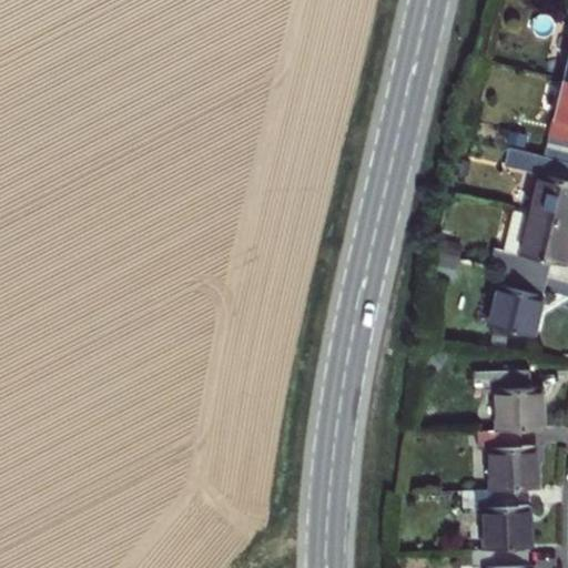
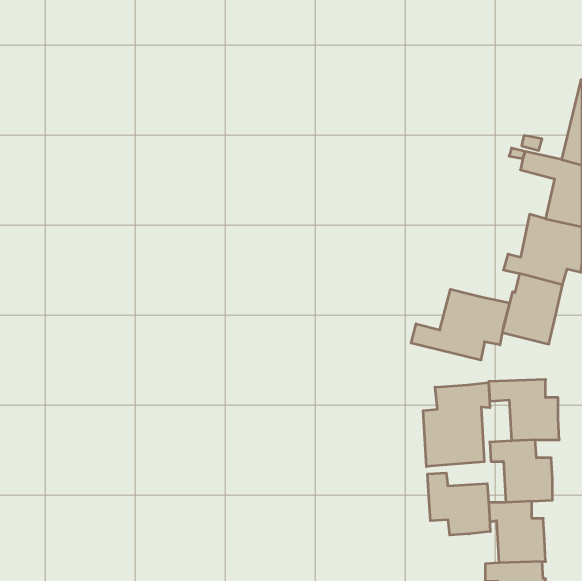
building: none -> [411,289,509,360]
building: none -> [423,383,490,467]
building: none -> [428,473,490,535]

